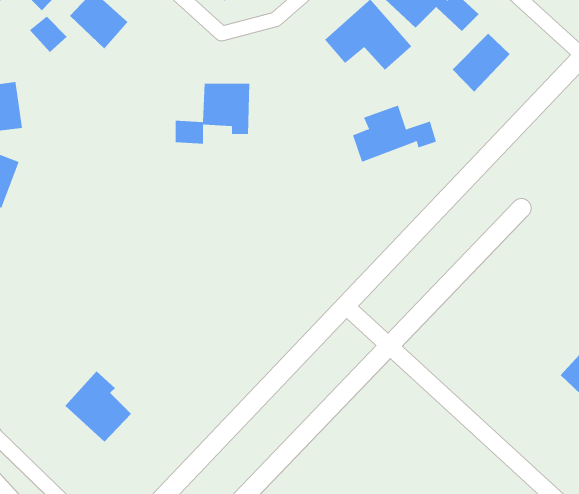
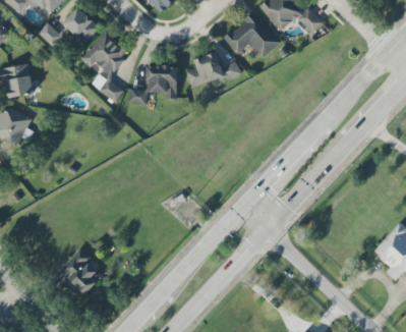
building: none -> [80,31,126,101]
building: [452,33,511,93] -> none
building: [352,105,437,163] -> [186,51,240,88]

